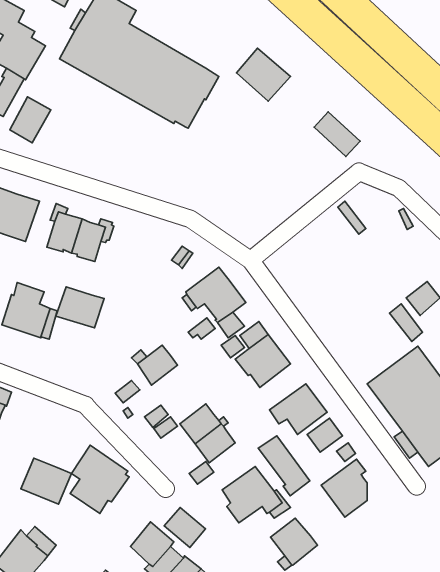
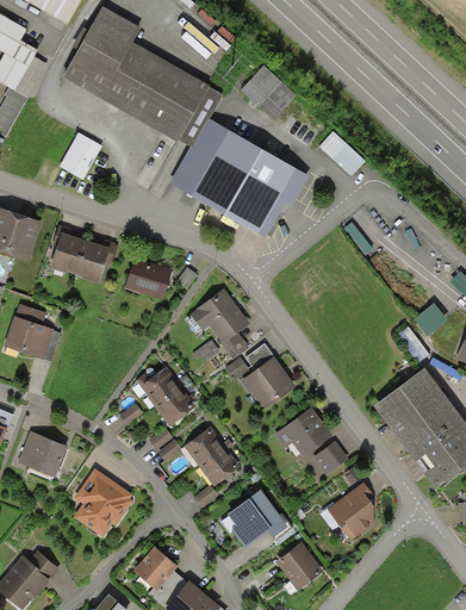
building: [10,97,51,143] -> [60,132,101,179]
building: none -> [169,118,309,238]
building: [56,287,104,328] -> [124,259,173,300]
building: none -> [155,387,195,427]
building: [258,436,310,496] -> none
building: [21,458,71,504] -> [17,431,68,478]
building: [164,507,205,548] -> none

